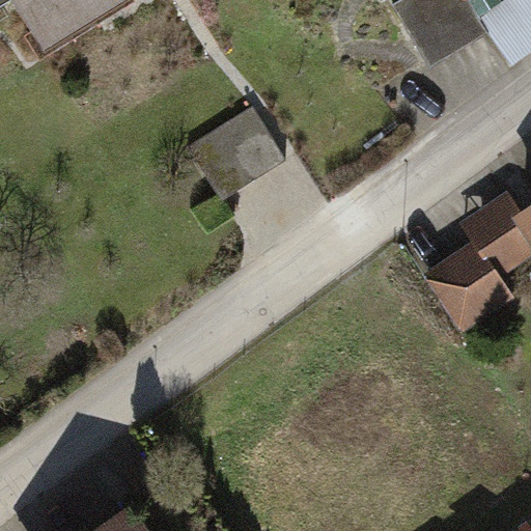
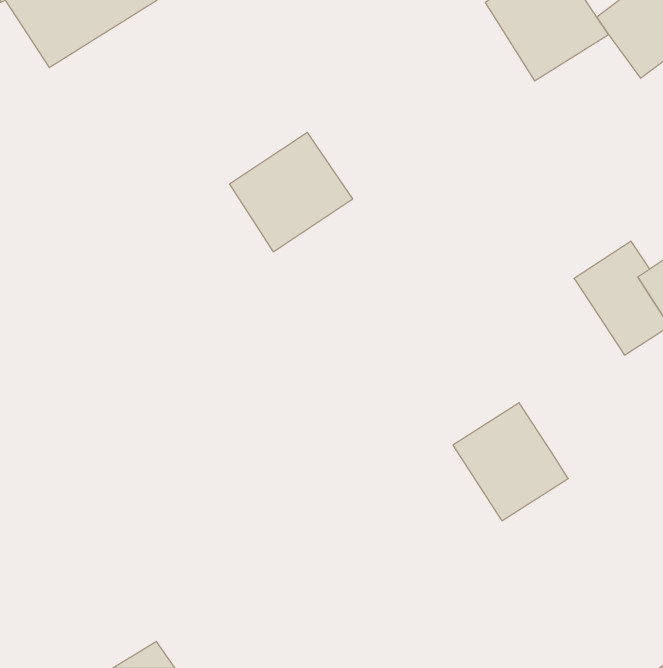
building: [422,239,512,331] -> [453,403,568,521]

